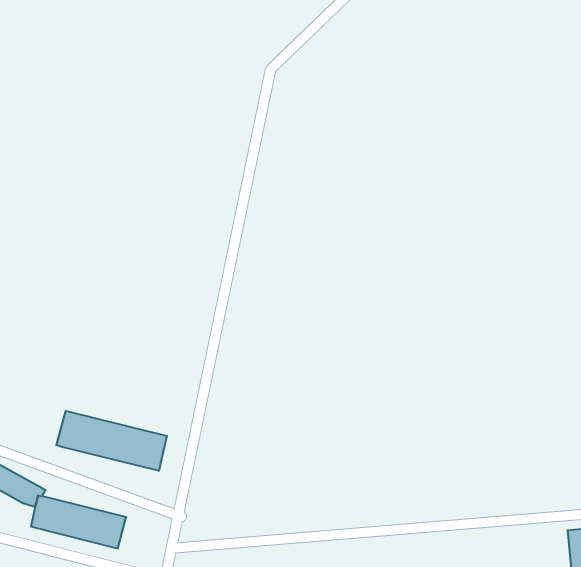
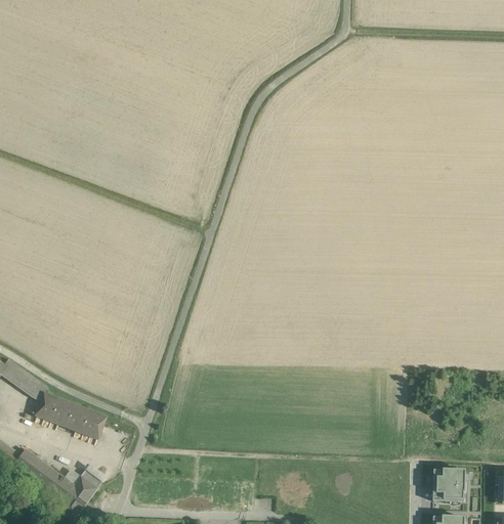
building: [56,411,167,471] -> none

